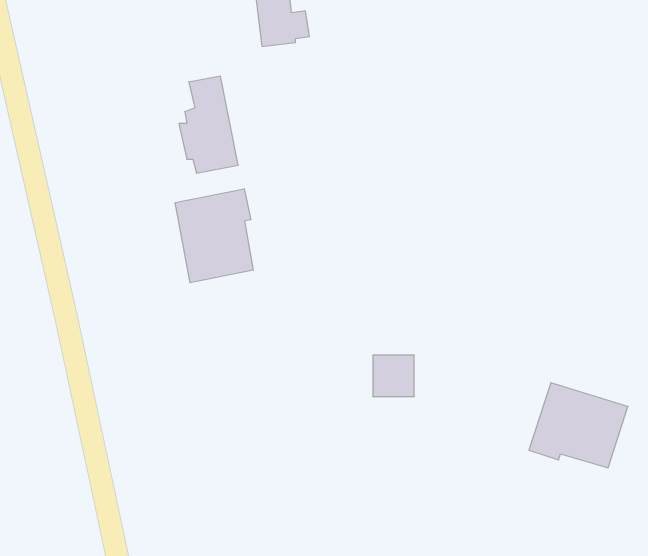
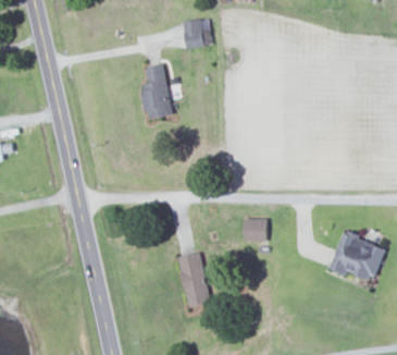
building: [175,189,253,283] -> none
building: none -> [178,252,211,307]

